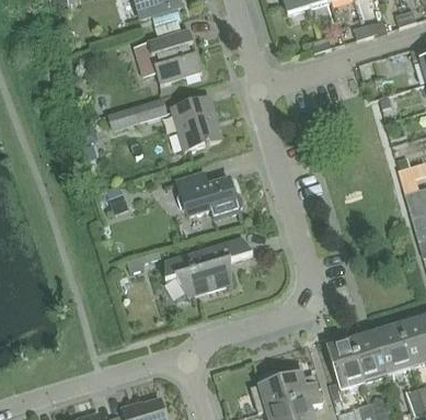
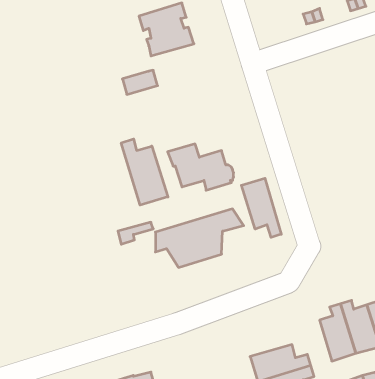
building: [170,95,220,148] -> none
building: none -> [121,139,168,205]
building: none -> [241,178,281,237]

